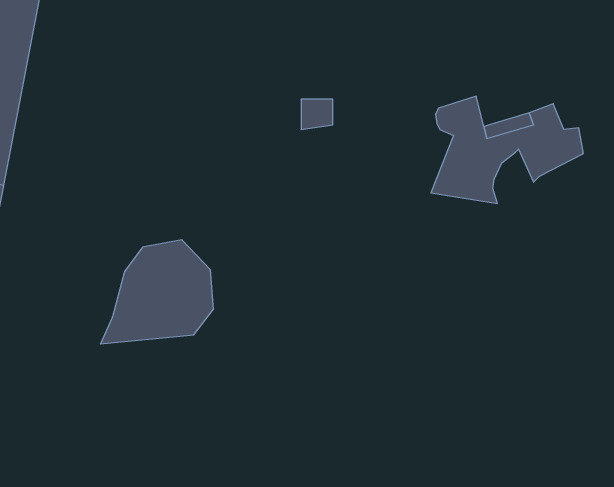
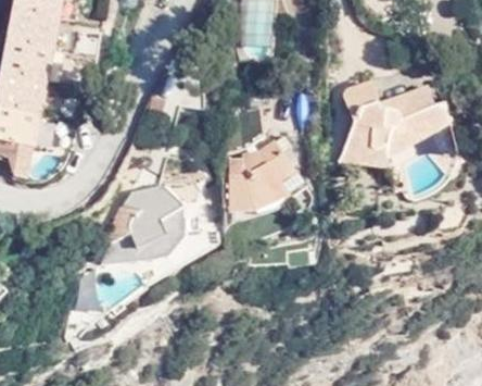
building: none -> [229,141,292,208]

